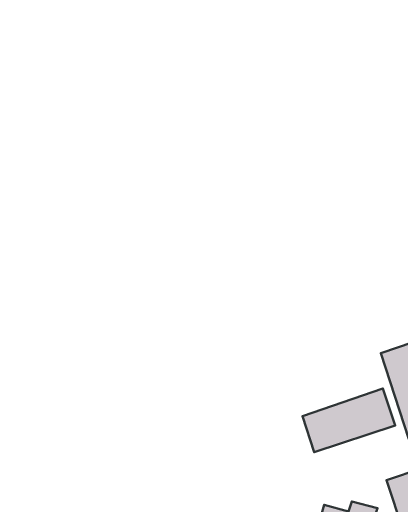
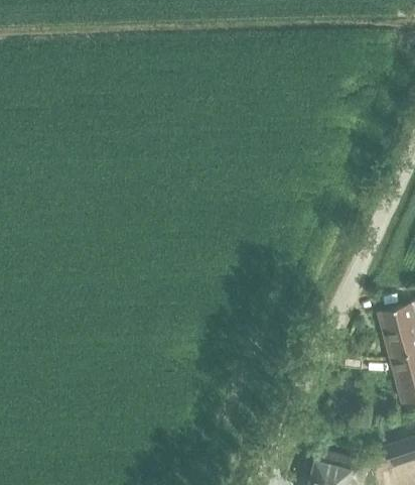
building: [303,389,395,452] -> none

